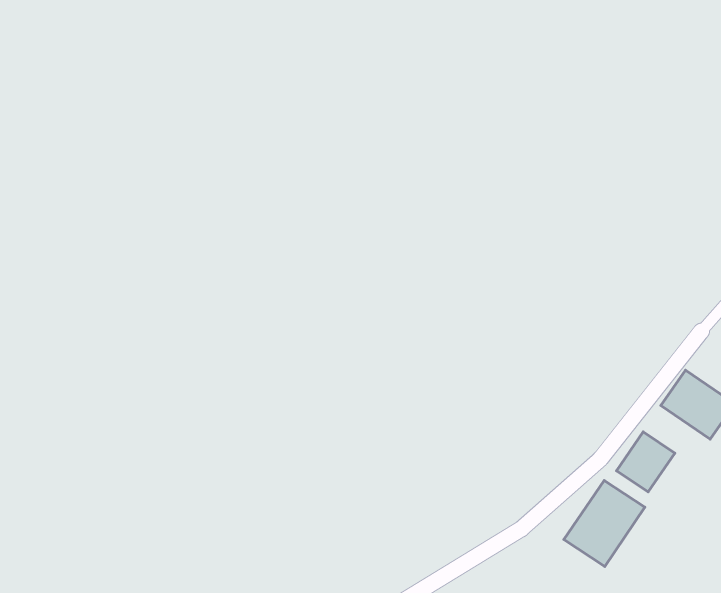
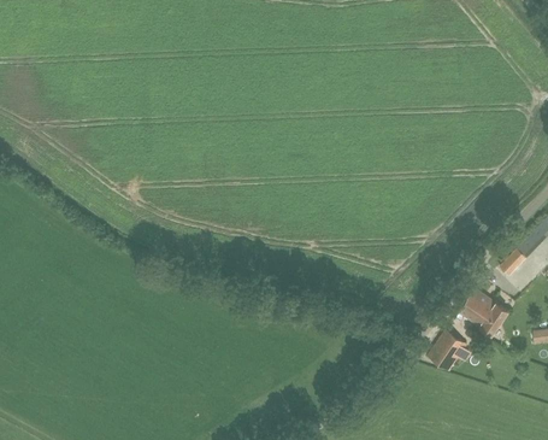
building: [564,481,645,566] -> none

